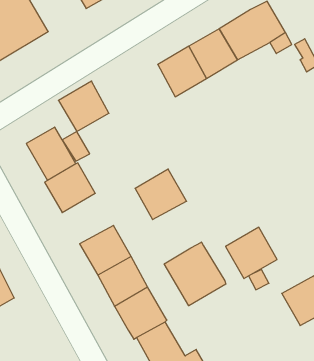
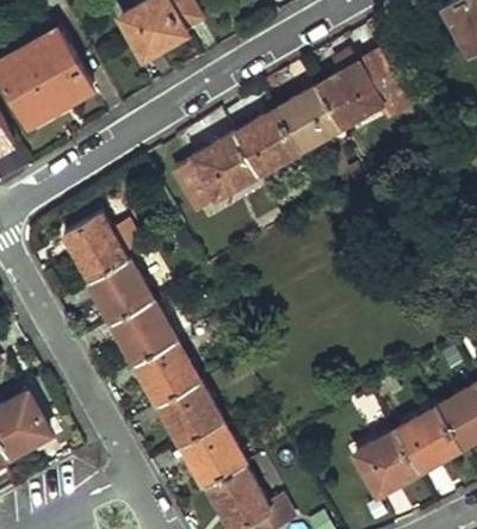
building: [58,81,109,132] -> [192,132,258,198]
building: [135,169,187,220] -> [111,299,178,365]
building: [226,227,277,279] -> [353,429,420,496]
building: [164,242,226,306] -> none

